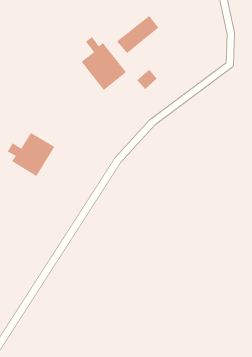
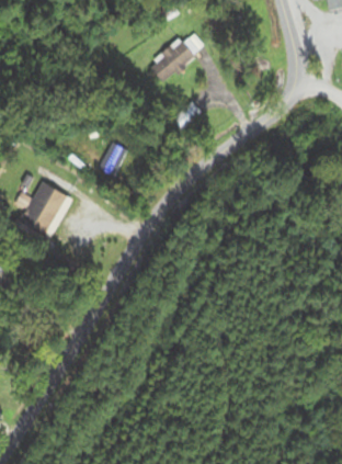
building: [81,36,127,91] -> none

